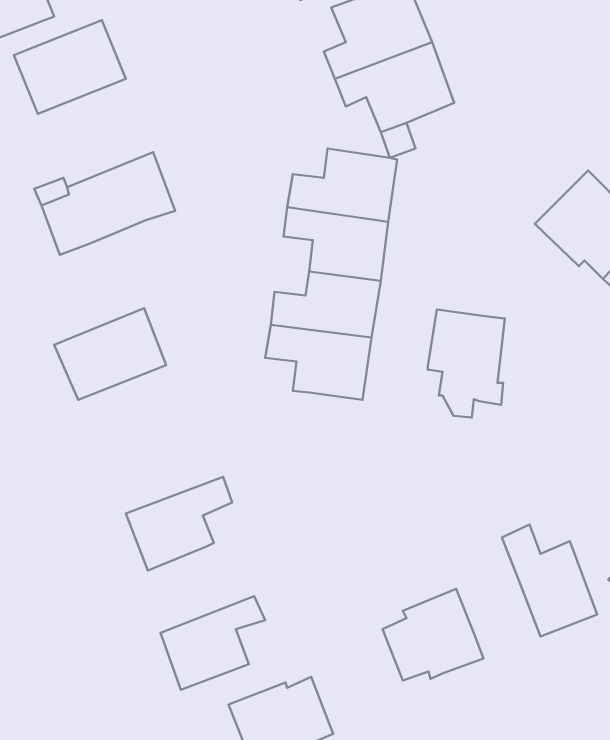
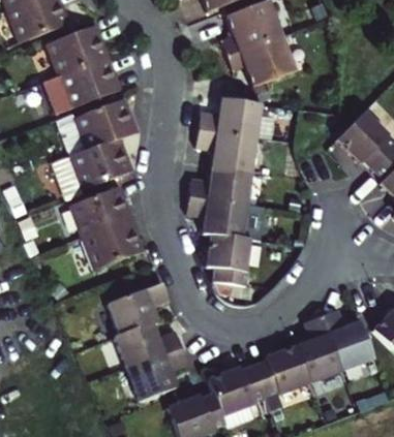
building: none -> [47,57,119,112]
building: none -> [53,136,131,195]
building: [428,309,505,418] -> [206,233,249,294]
building: none -> [81,218,143,271]
building: none -> [294,315,341,383]
building: none -> [115,320,180,369]
building: none -> [207,367,264,417]

